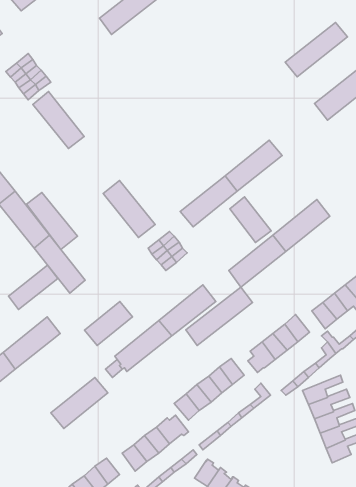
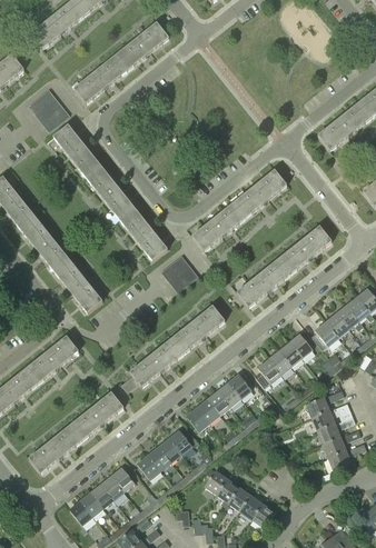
building: none -> [73,54,127,103]
building: [285,23,347,77] -> none
building: [26,192,78,249] -> [87,166,135,219]
building: [230,197,271,243] -> none
building: [8,265,58,309] -> none
building: [186,287,252,345] -> none
building: [85,302,133,345] -> none
building: none -> [29,425,82,472]

